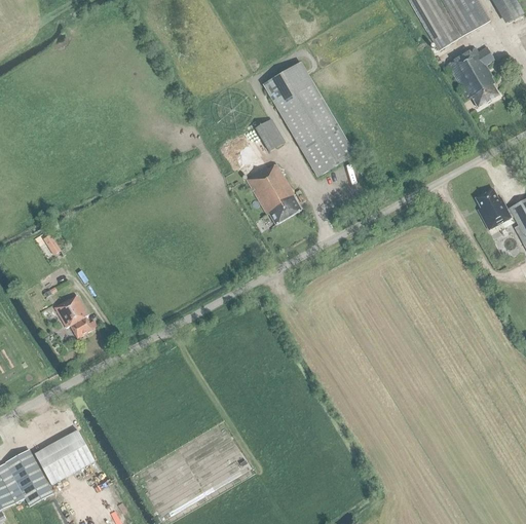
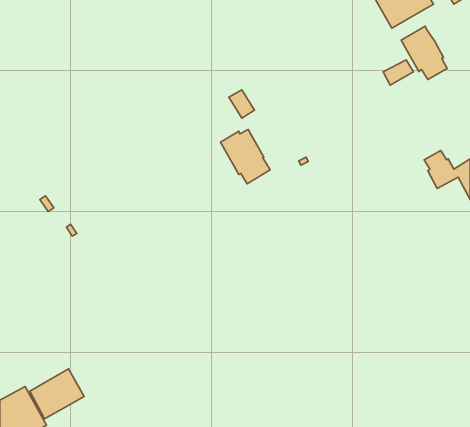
building: [264,61,355,175] -> none
building: none -> [383,60,414,85]
building: [55,296,97,337] -> none

